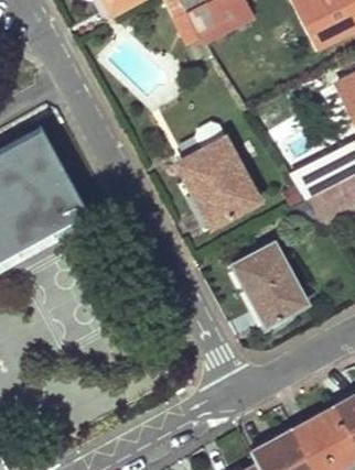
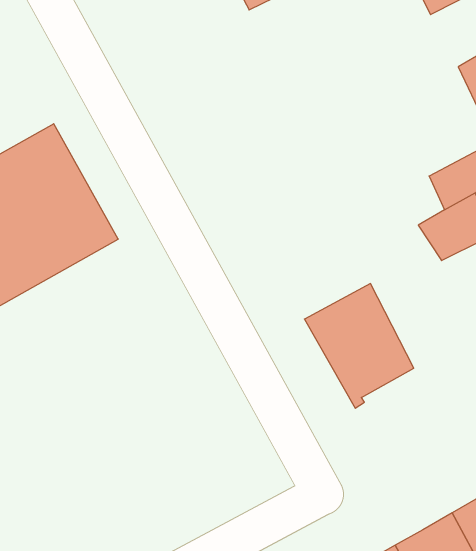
building: [175,138,258,232] -> none

